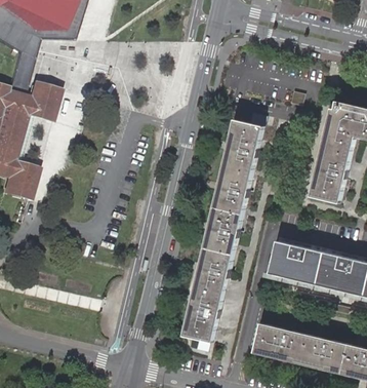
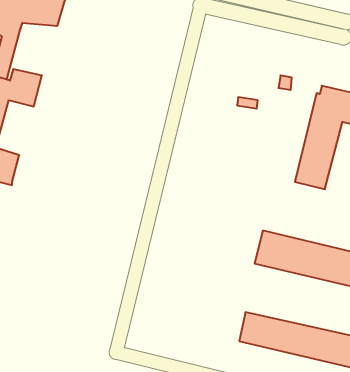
building: [182,118,262,342] -> none

